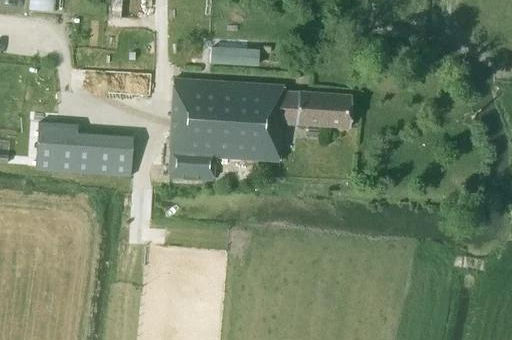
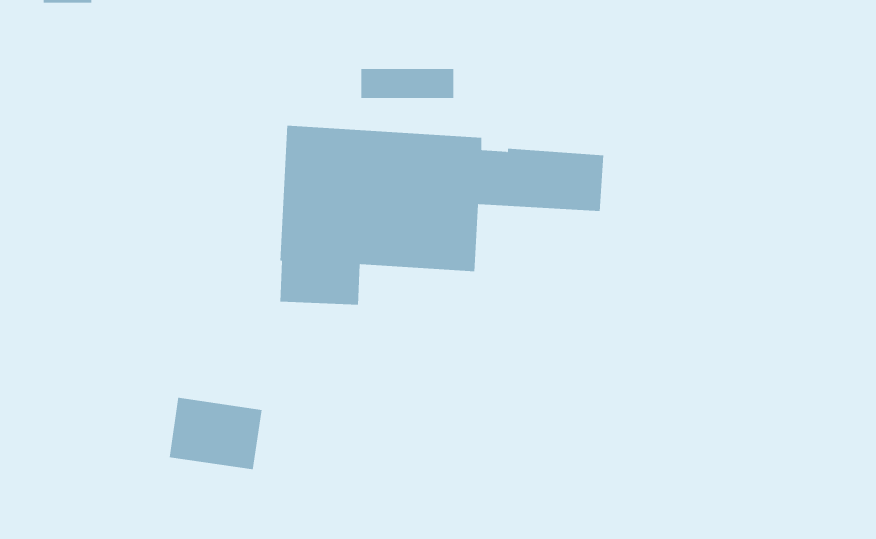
building: [35,122,78,172] -> none
building: [90,142,143,183] -> [169,397,262,470]

